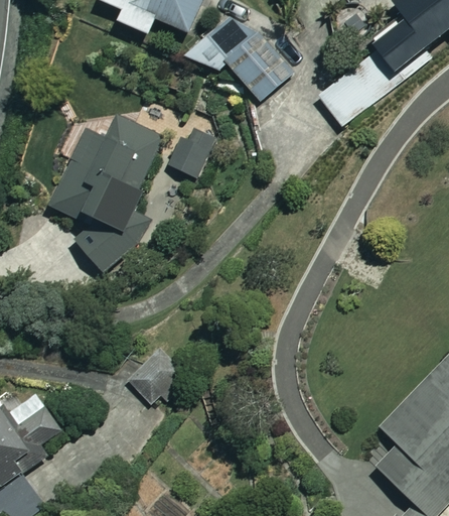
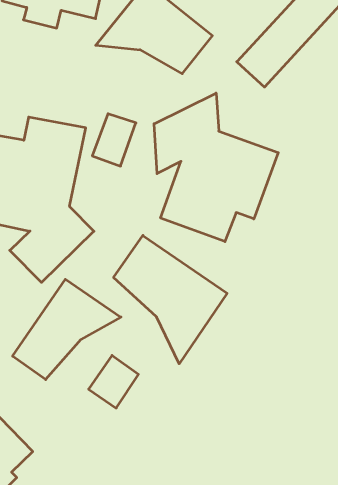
building: none -> [154,93,278,242]
building: none -> [114,235,227,364]
building: none -> [13,279,121,380]

